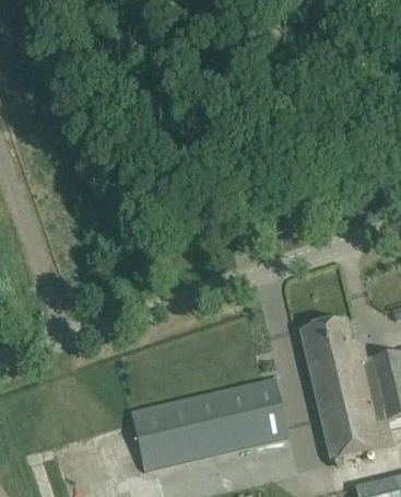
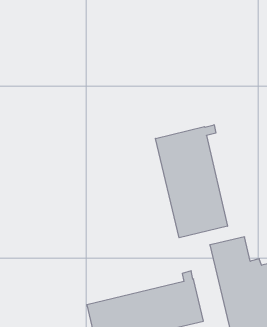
building: none -> [155,125,227,238]

